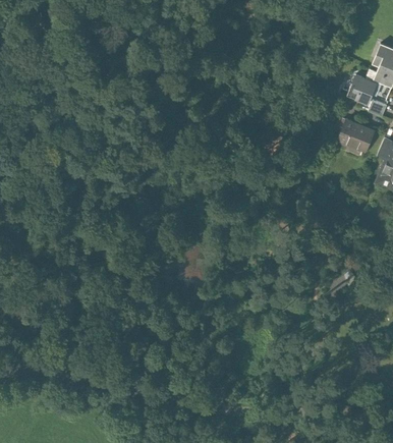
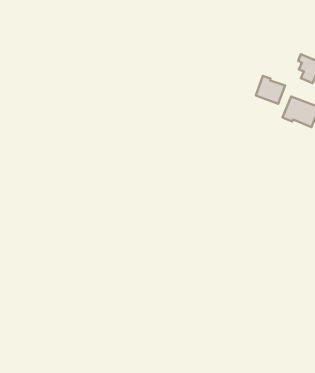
building: none -> [256,76,285,104]

